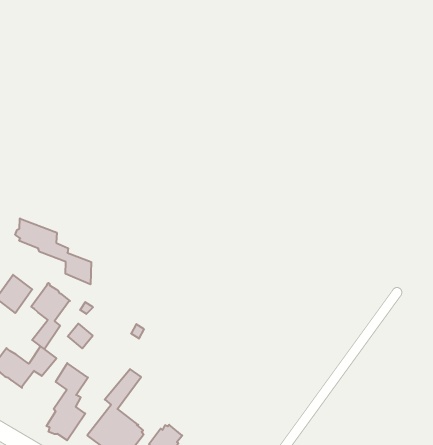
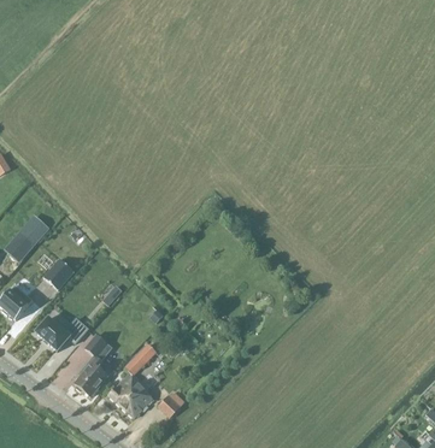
building: [15,218,91,284] -> none
building: [31,283,70,349] -> none

